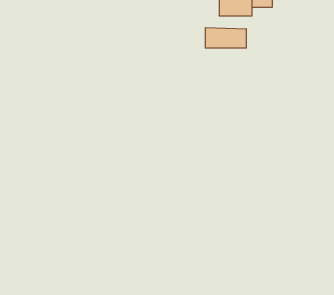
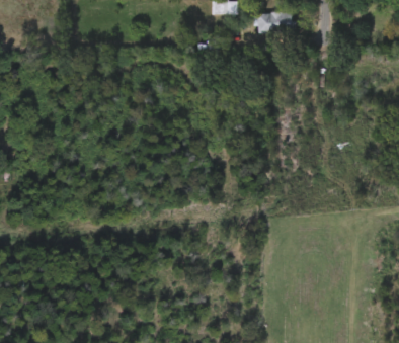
building: [205,28,246,48] -> none

